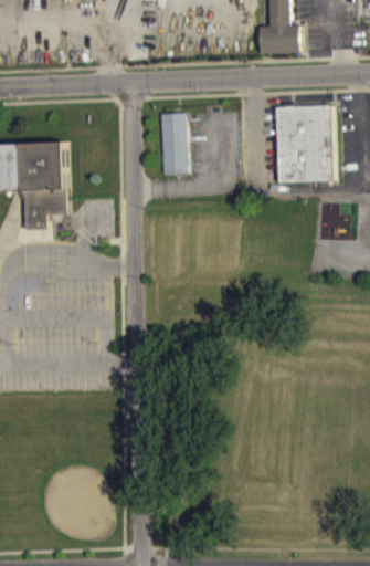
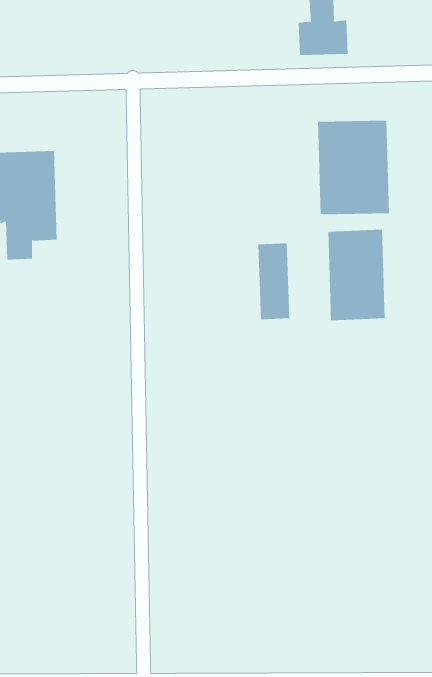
building: [159,117,186,179] -> [257,243,290,320]
building: none -> [328,229,385,321]

